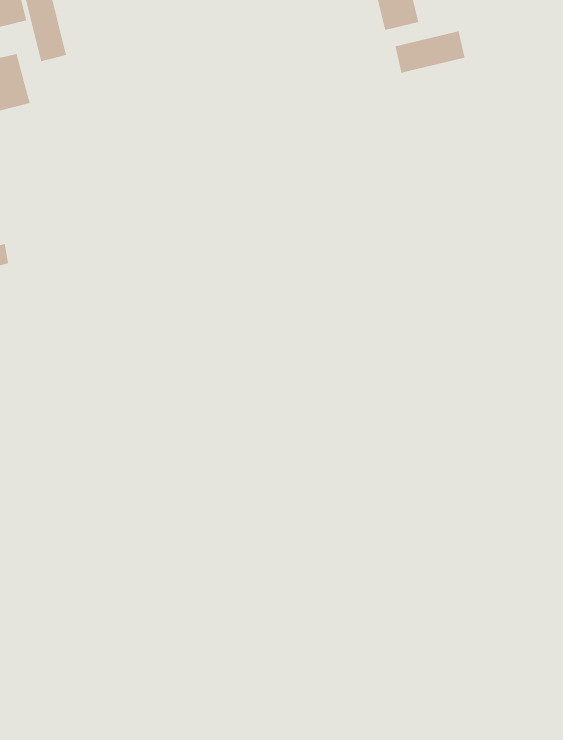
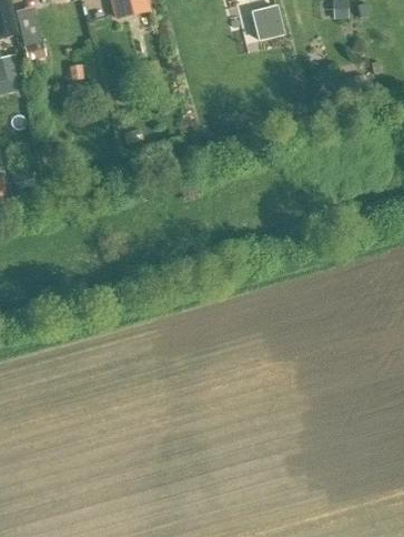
building: [395,30,465,73] -> none

